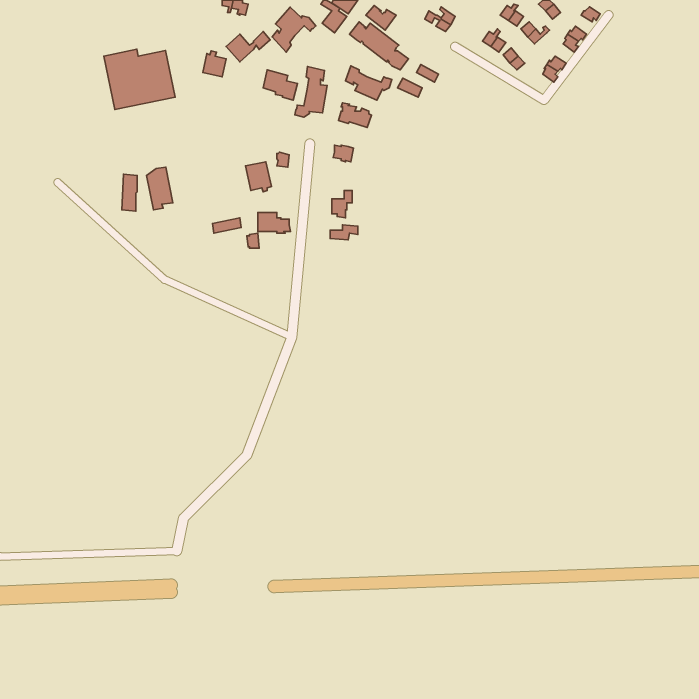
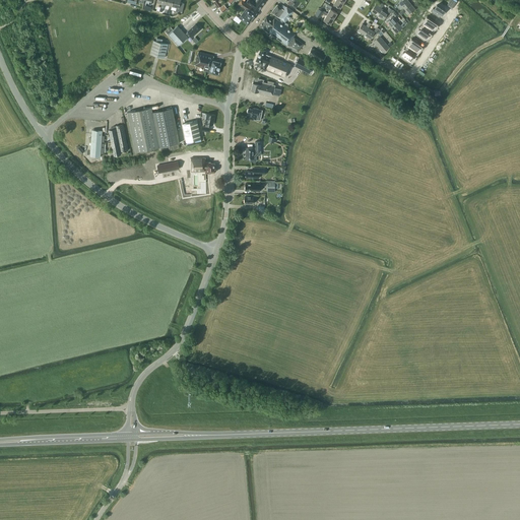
building: [272,7,316,52] -> none
building: [104,49,175,110] -> [128,108,181,152]
building: [295,66,327,117] -> none

